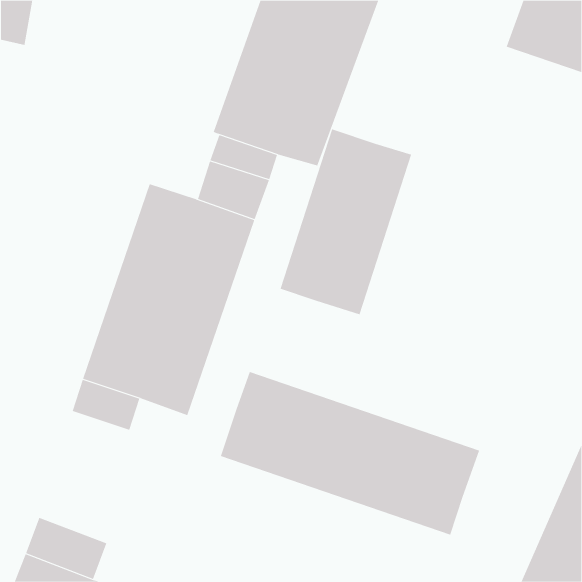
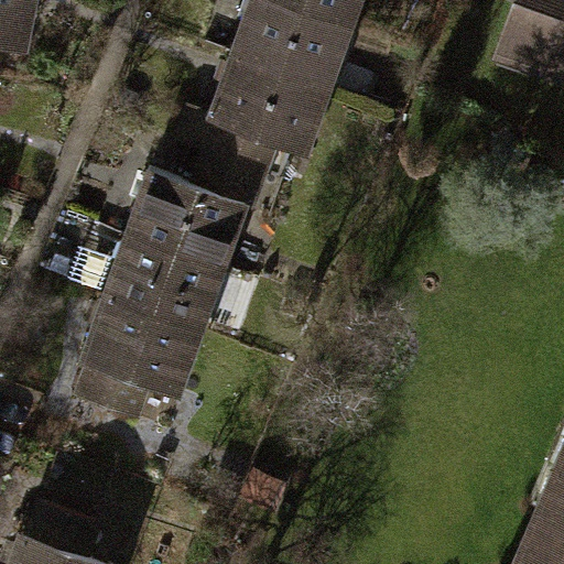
building: [280,128,412,315] -> none
building: [220,371,480,536] -> none

